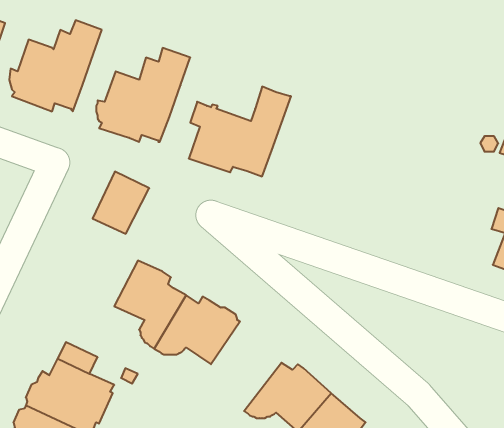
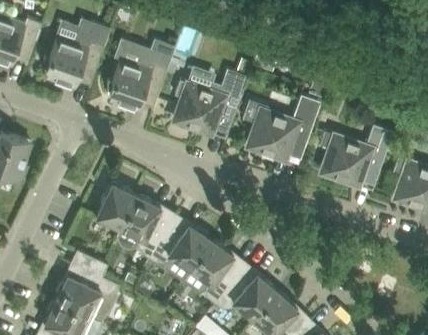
building: none -> [242,94,320,159]
building: none -> [319,124,392,185]
building: [93,172,149,234] -> [95,182,136,227]
building: none -> [189,238,240,303]

